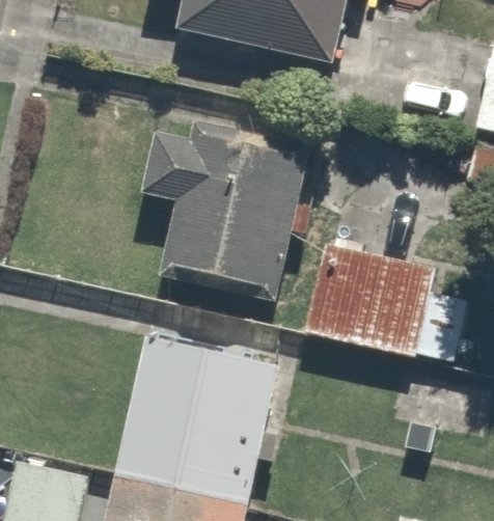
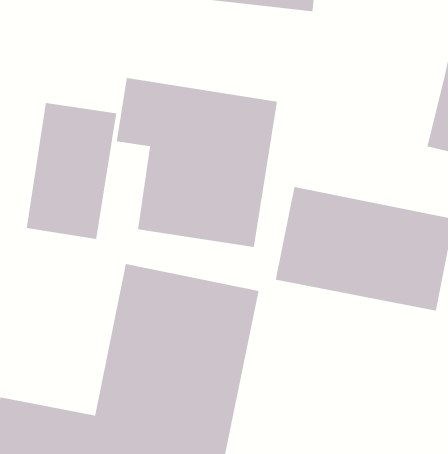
building: none -> [26,102,117,240]

